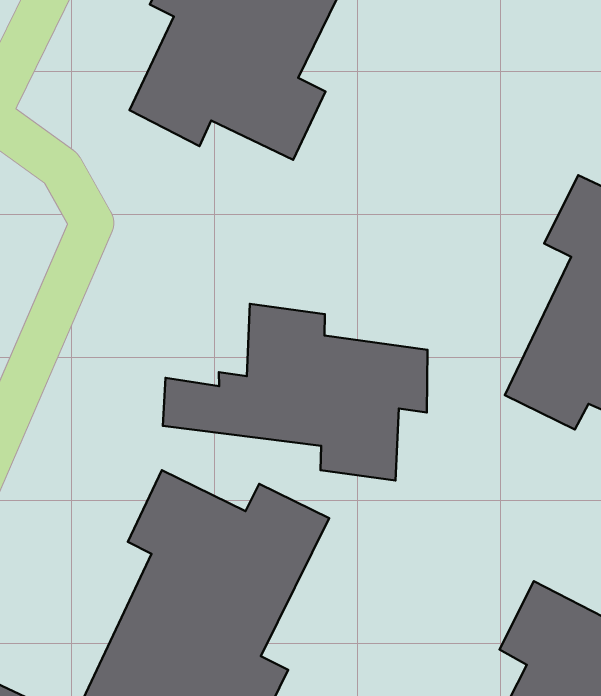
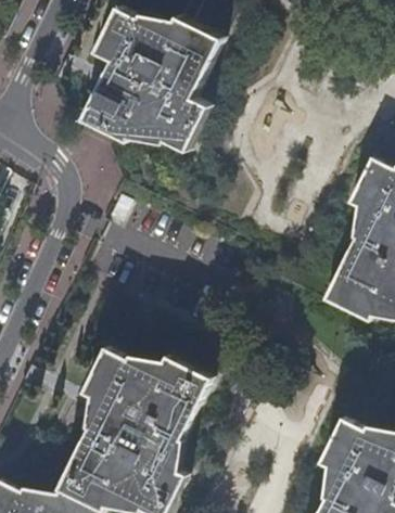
building: [163,304,428,481] -> none

